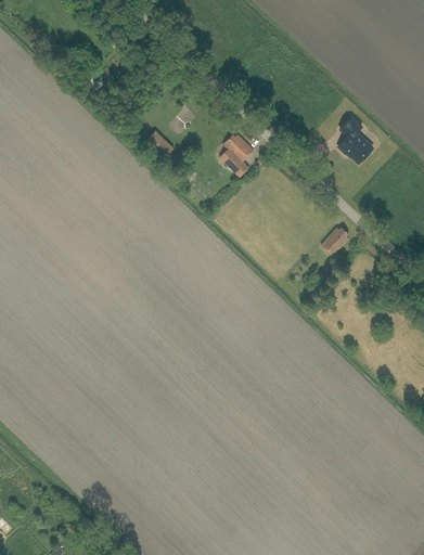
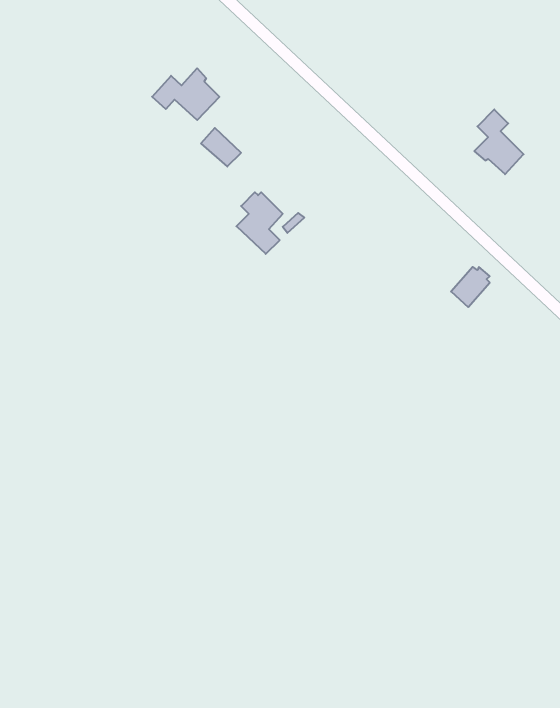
building: none -> [152,68,219,120]
building: [220,134,253,178] -> [236,192,283,254]

